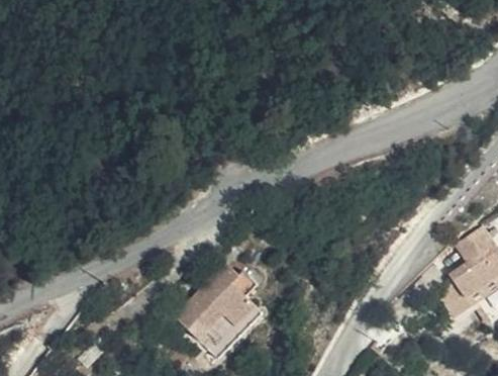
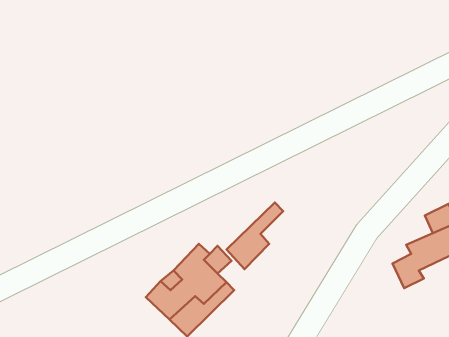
building: none -> [226,202,283,269]

